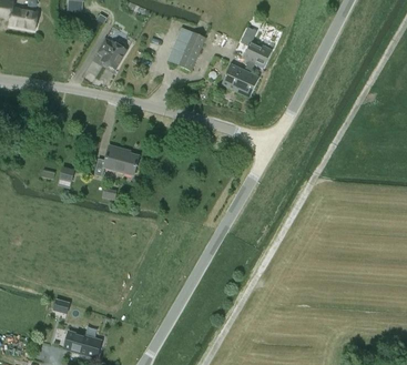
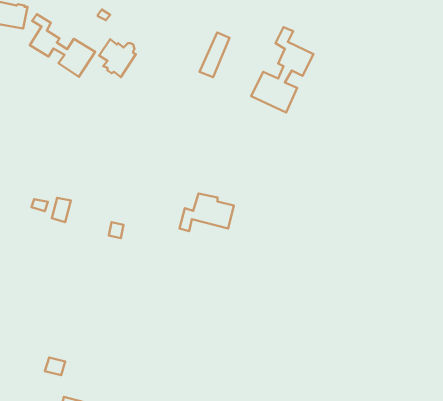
building: none -> [30,14,95,77]
building: [93,144,138,175] -> [180,193,234,231]

